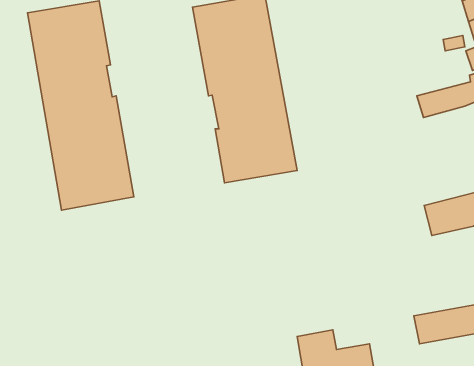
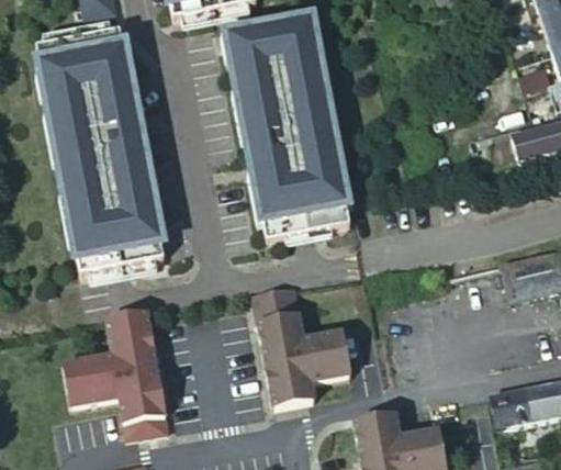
building: none -> [253,284,348,404]
building: none -> [63,307,167,434]

